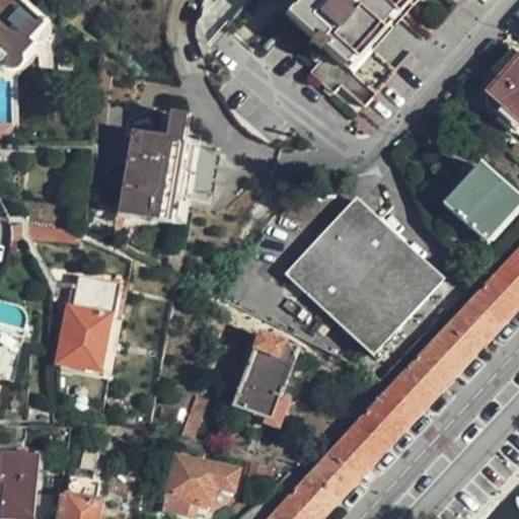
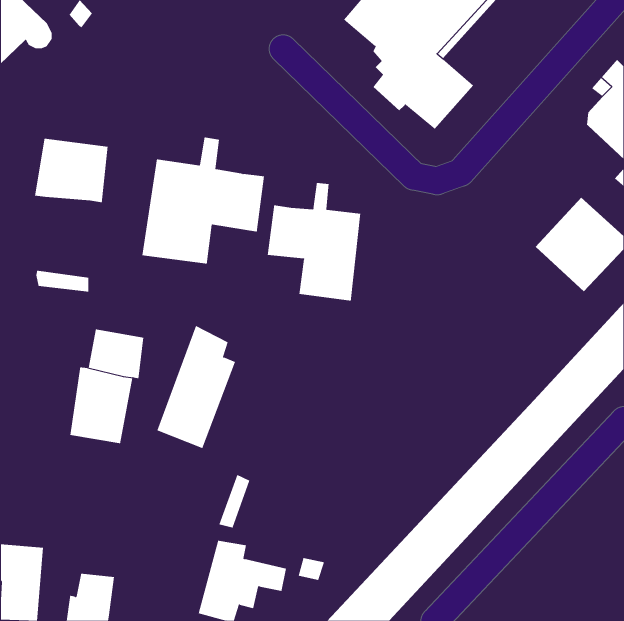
building: none -> [35,138,108,203]
building: none -> [267,182,361,301]
building: [289,197,444,353] -> none
building: [233,318,299,421] -> [157,325,236,449]

